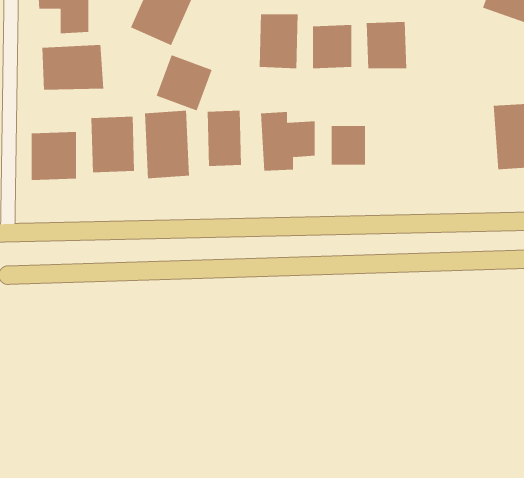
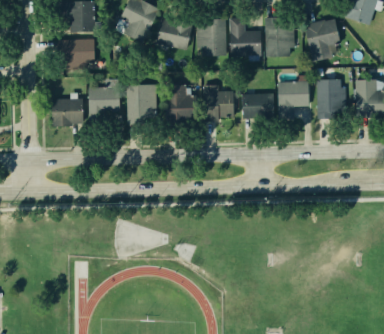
building: none -> [305,18,342,54]
building: [156,54,212,111] -> [155,14,192,51]
building: none -> [317,77,350,116]
building: none -> [277,79,309,123]

